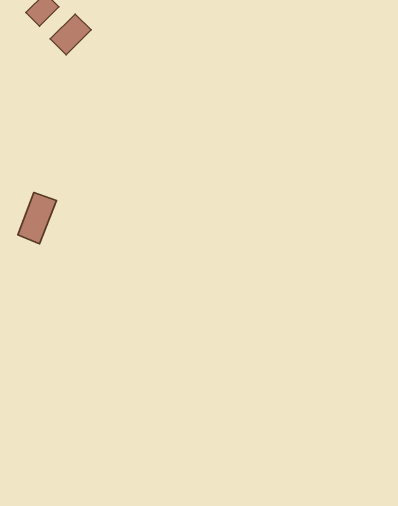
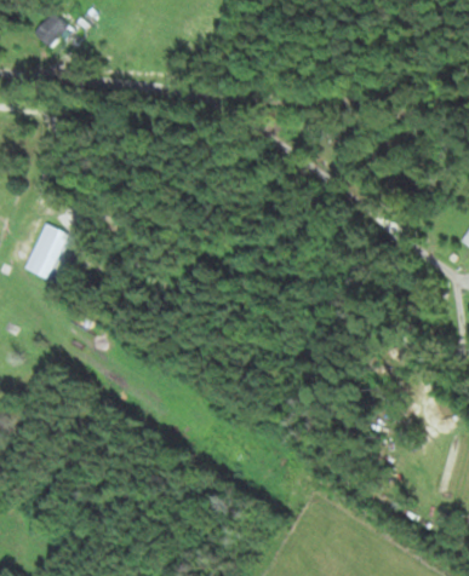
building: [50,14,91,55] -> none

